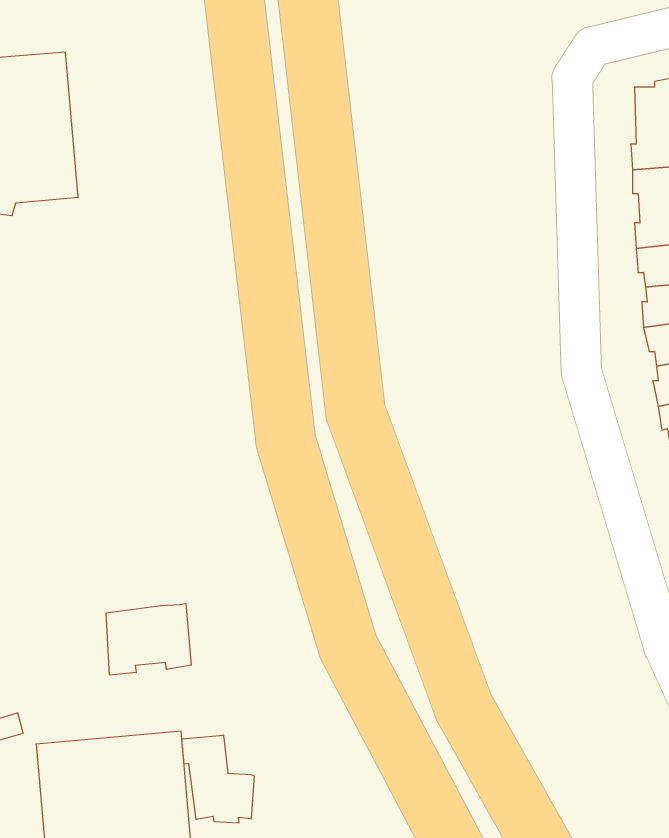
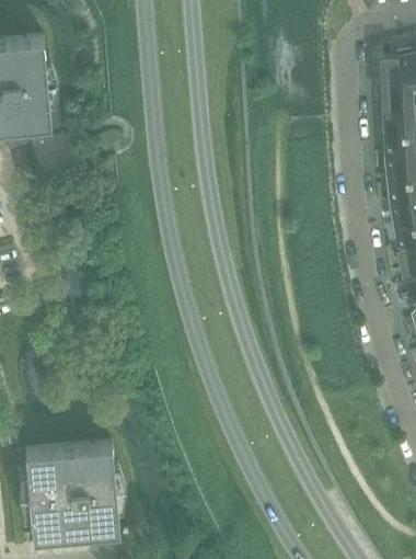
building: [106,603,191,675] -> none
building: [182,735,254,823] -> none

